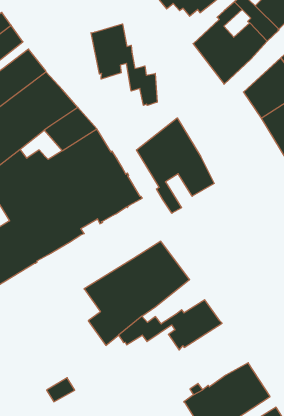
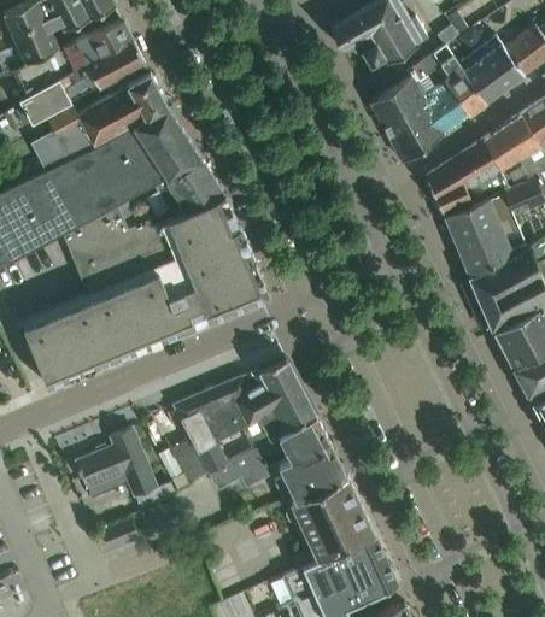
building: [91,24,157,105] -> none
building: [136,118,214,213] -> none
building: none -> [244,415,330,463]
building: none -> [75,428,157,499]
building: none -> [293,480,375,562]

